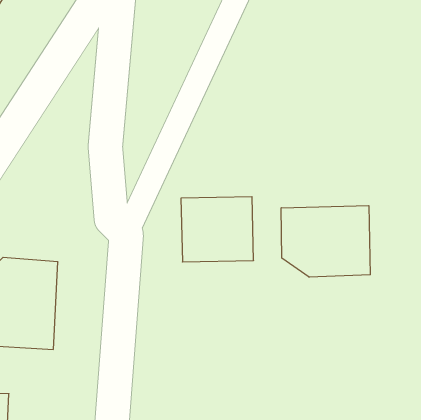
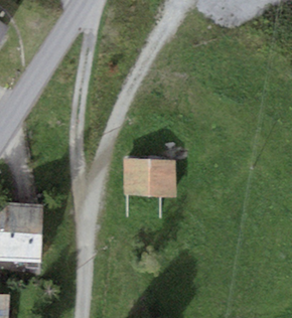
building: [281,206,370,277] -> none

